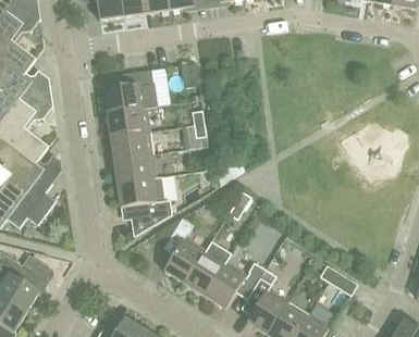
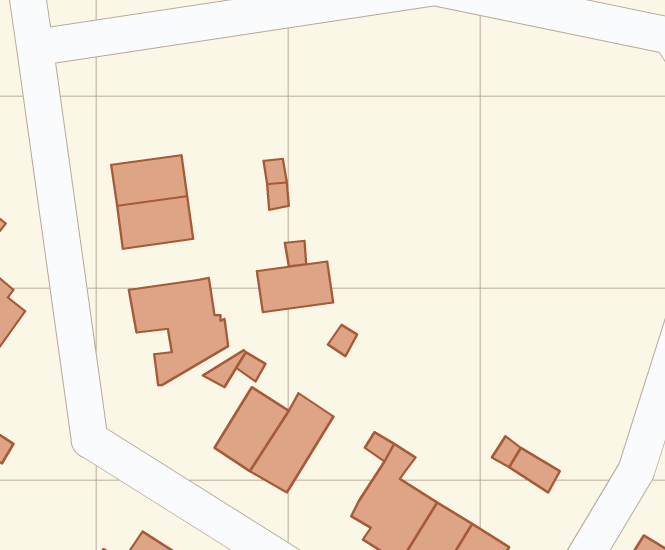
building: [103,68,156,113] -> none
building: [113,154,156,183] -> [257,261,333,312]
building: [205,262,246,309] -> none

